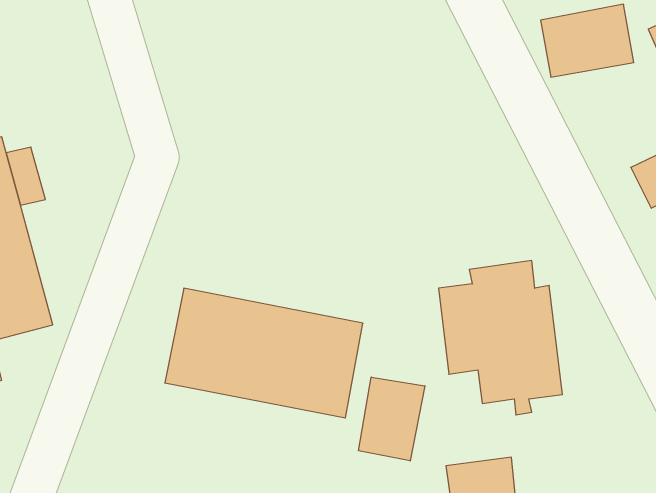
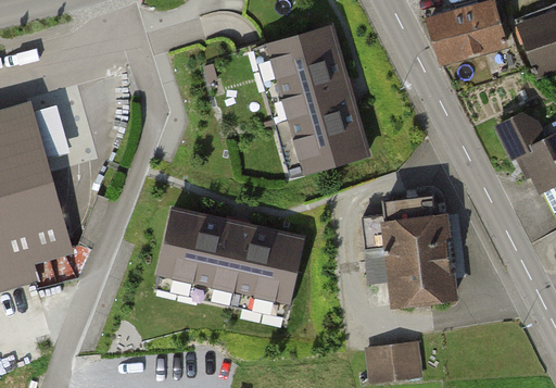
building: none -> [265,26,364,172]
building: [359,377,425,461] -> none

